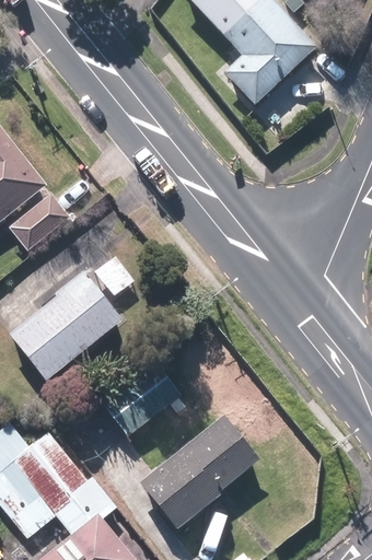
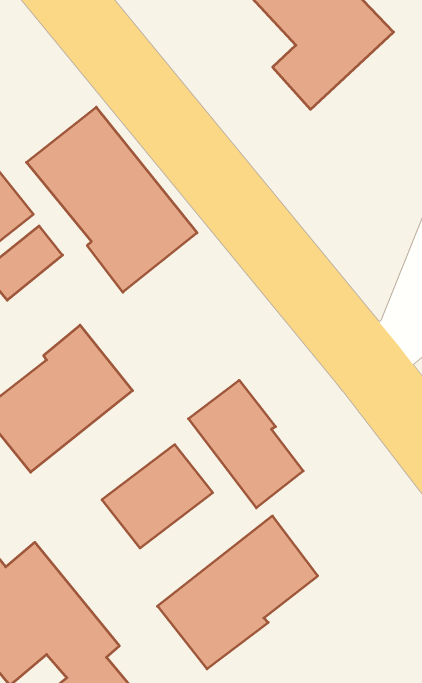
building: none -> [26,107,197,292]
building: none -> [188,380,303,508]

